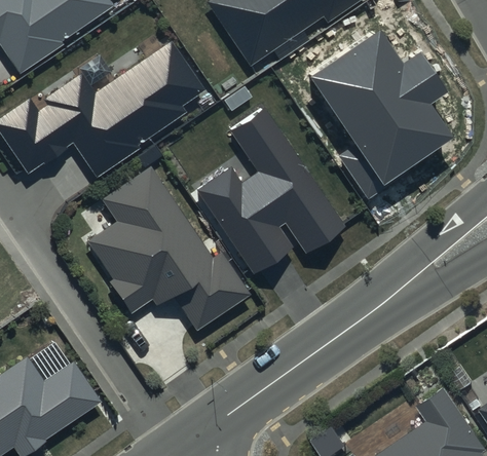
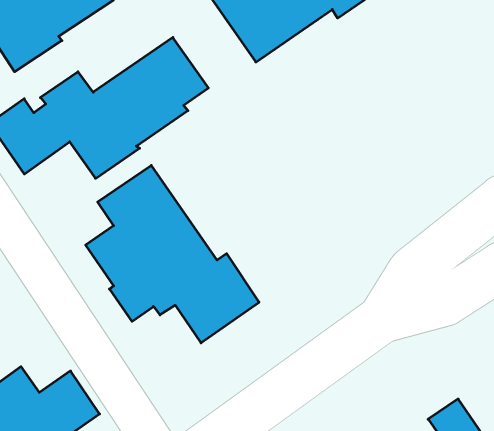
building: [311,30,455,196] -> none
building: [198,108,343,273] -> none

